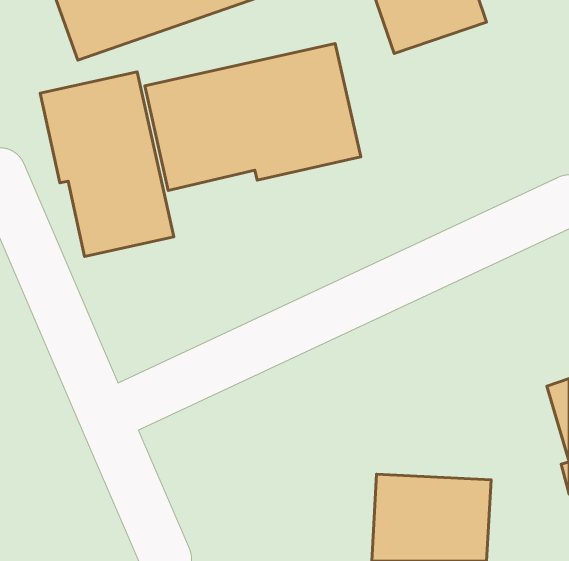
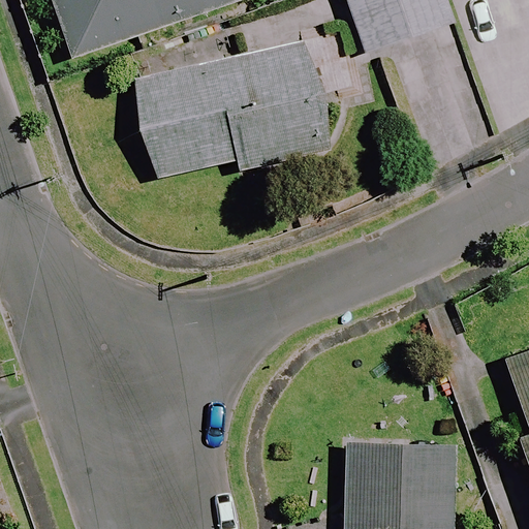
building: [40,72,174,257] -> none

